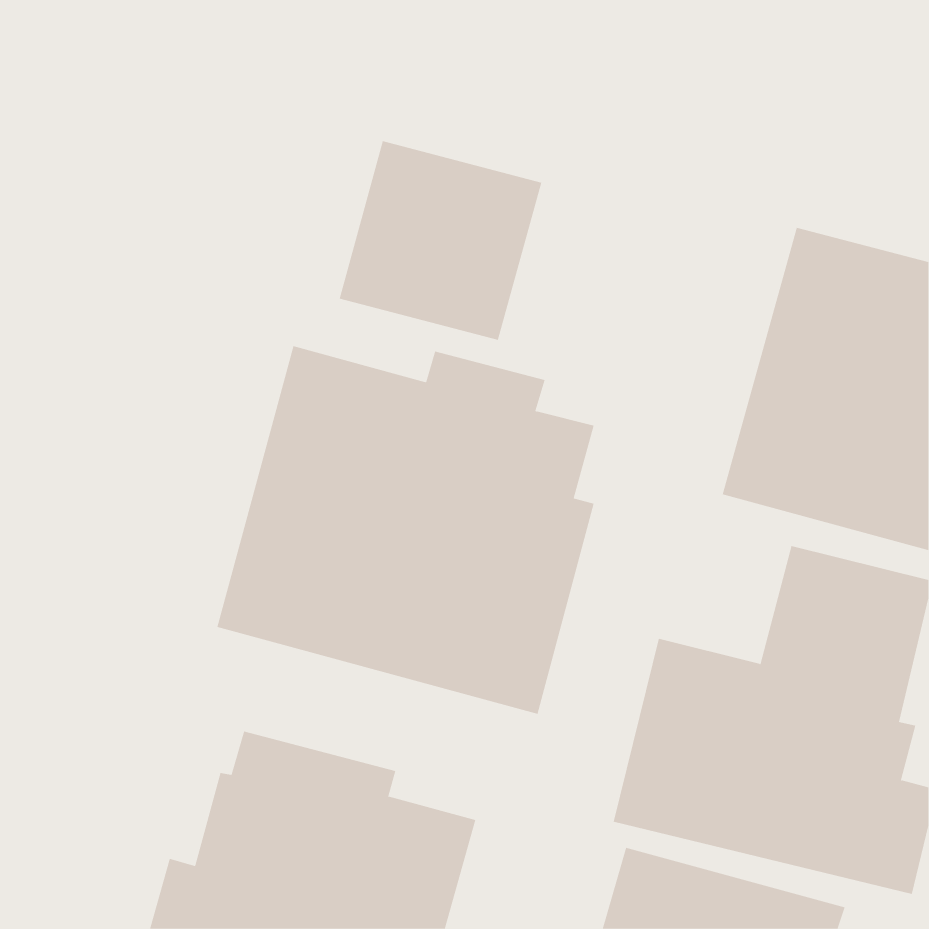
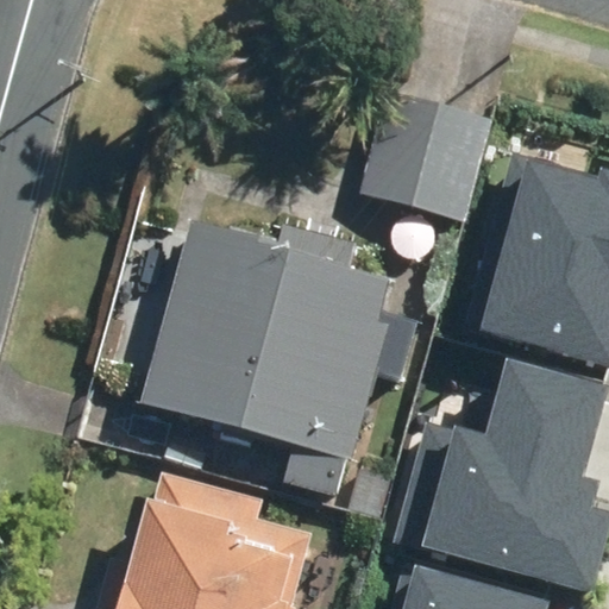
building: [339,141,542,341] -> [358,96,491,227]

